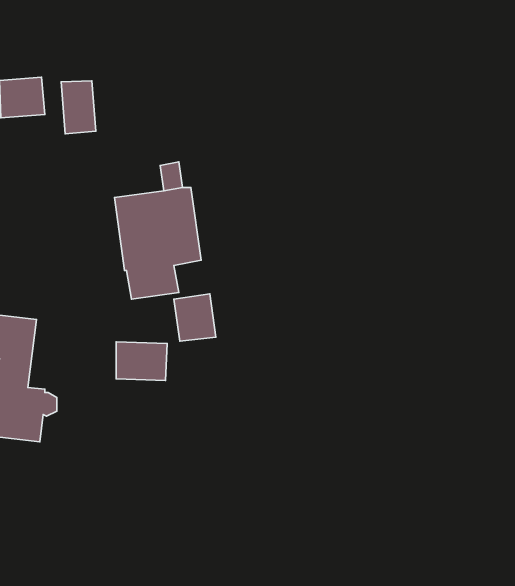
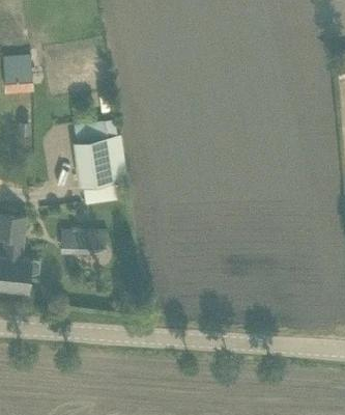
building: [61,81,96,134] -> none
building: [174,294,216,341] -> none

